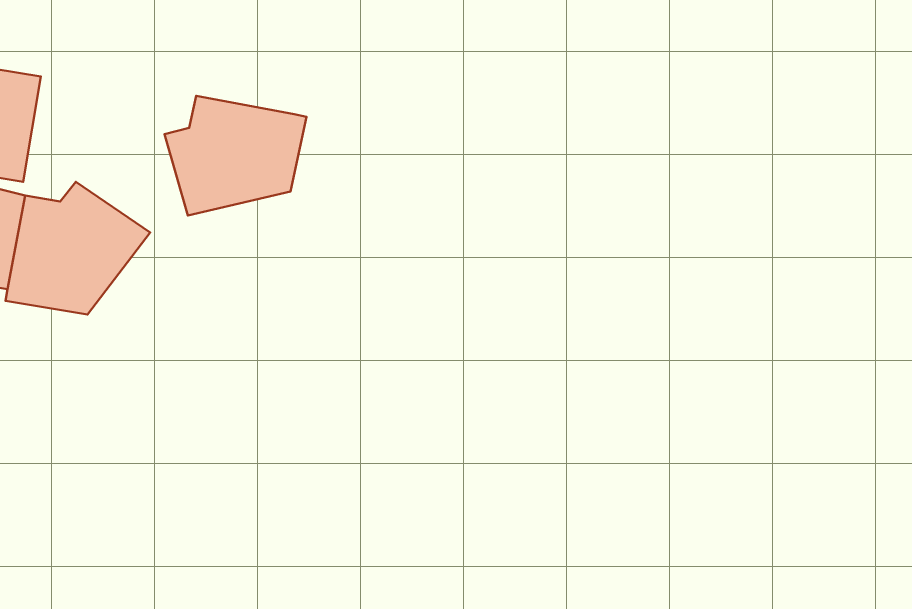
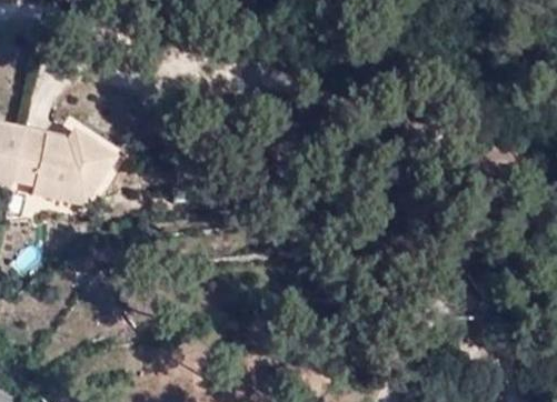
building: [165,96,306,216] -> none

